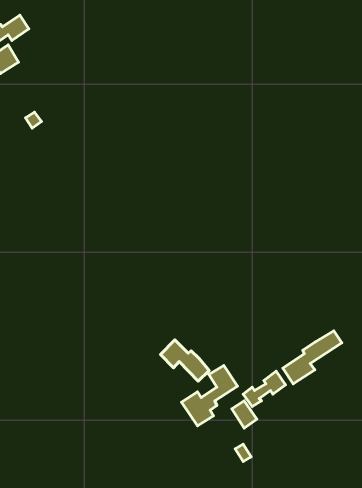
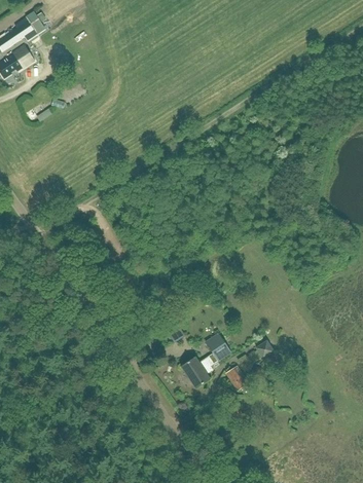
building: [283,331,342,384] -> none
building: [160,340,209,381] -> none

